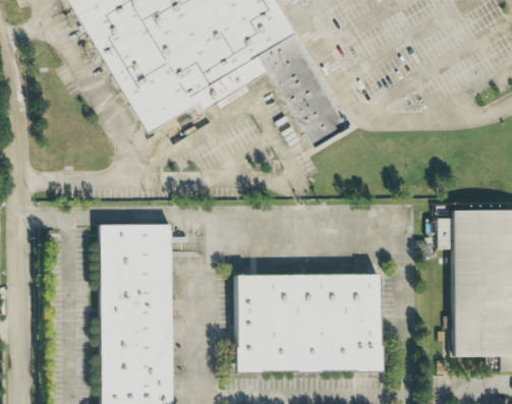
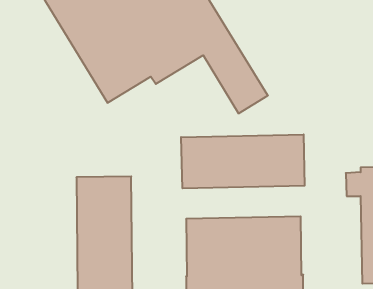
building: none -> [181,134,305,188]

